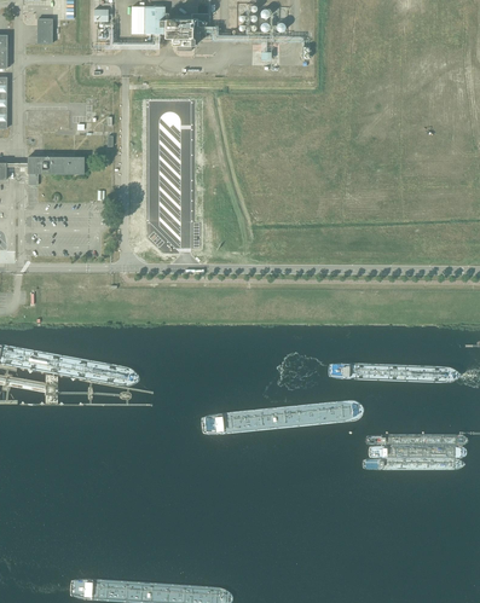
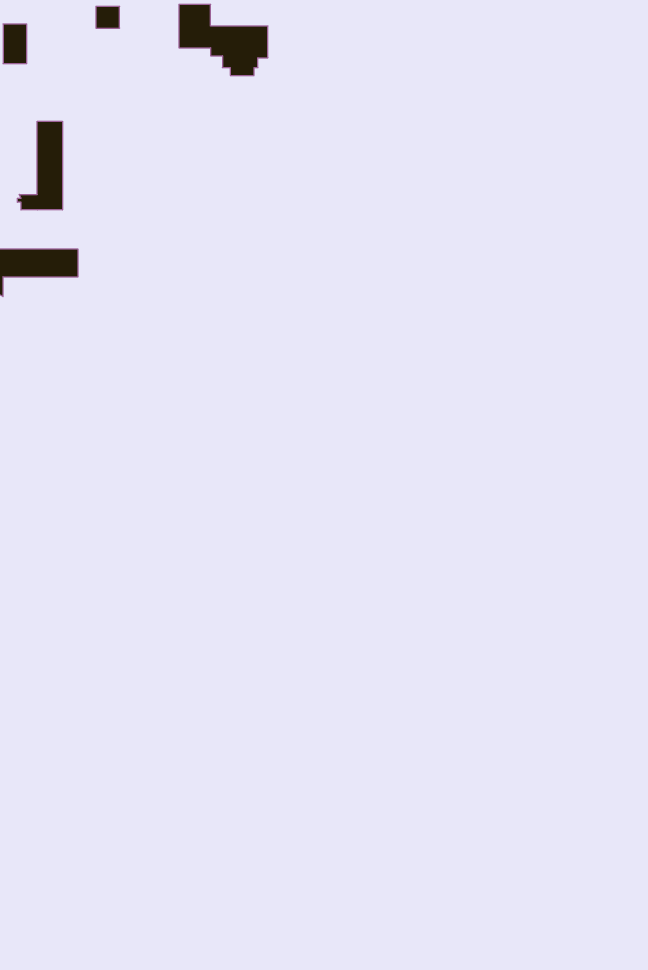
building: none -> [17,121,62,210]

